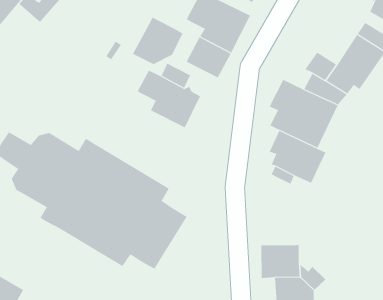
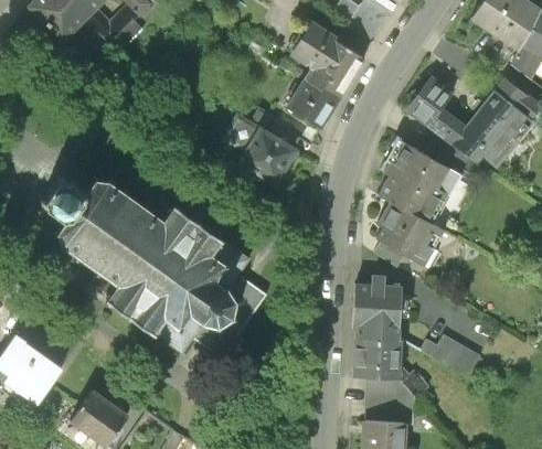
building: [132,17,183,65] -> none
building: none -> [407,78,455,129]
building: none -> [351,276,402,342]
building: none -> [421,335,486,381]

